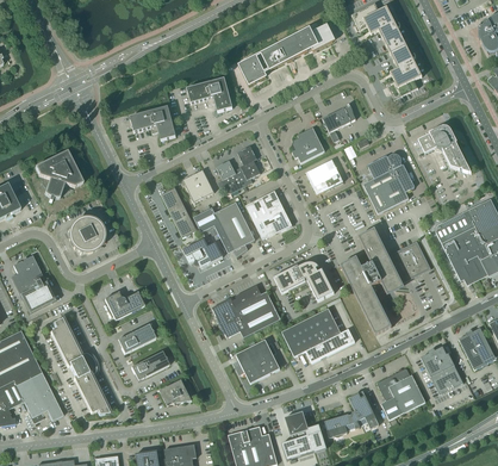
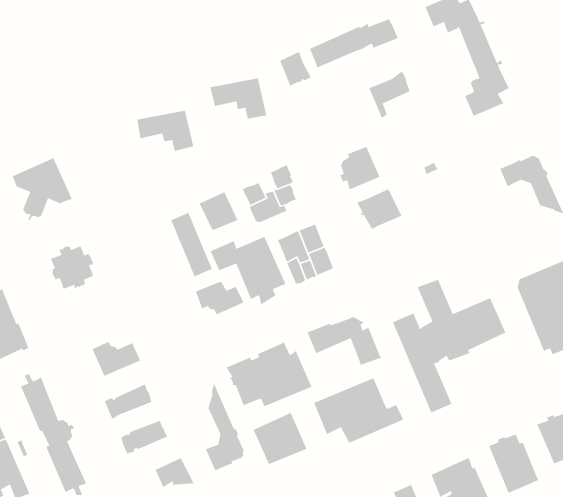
building: [322,101,355,141] -> [368,70,410,119]
building: [362,154,415,212] -> none
building: none -> [205,381,245,471]

